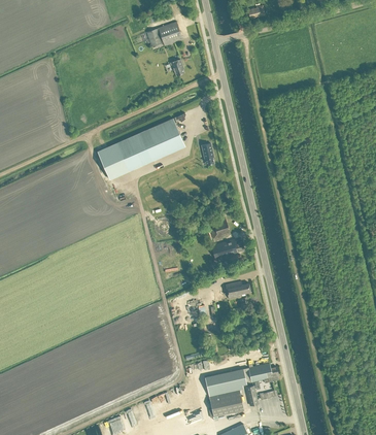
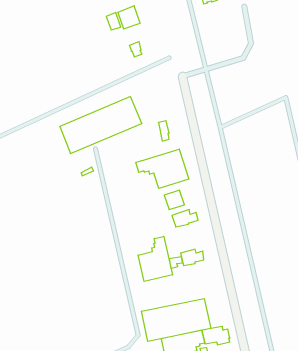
building: none -> [136,149,189,188]
building: none -> [138,236,172,281]
building: none -> [142,299,211,341]

